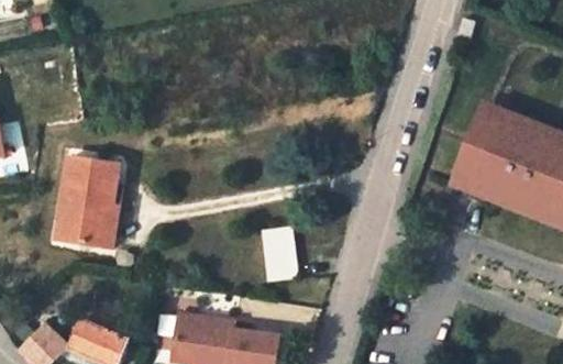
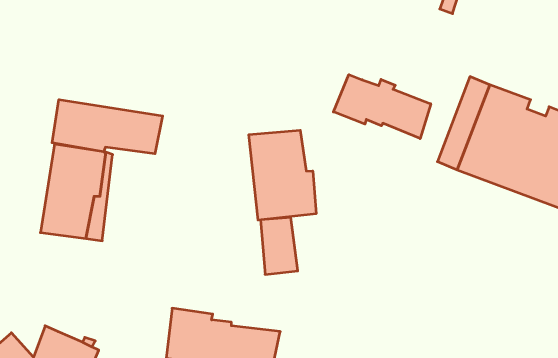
building: none -> [333,75,431,139]
building: none -> [52,100,163,154]
building: none -> [249,130,316,220]

